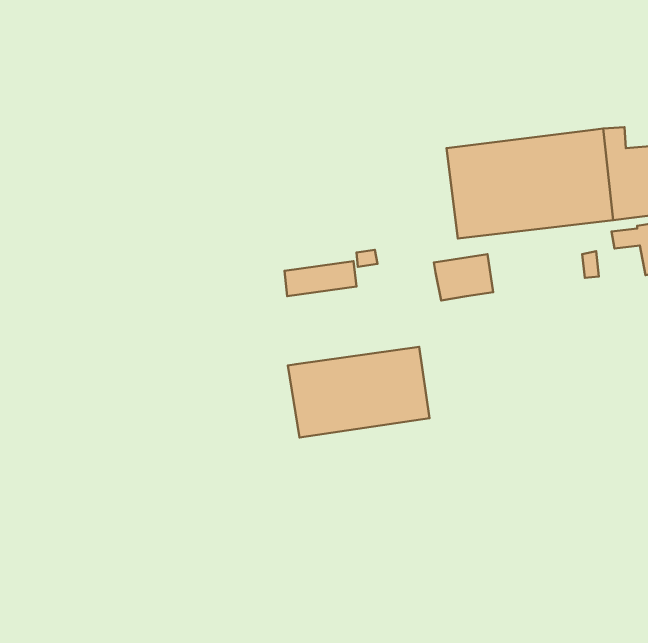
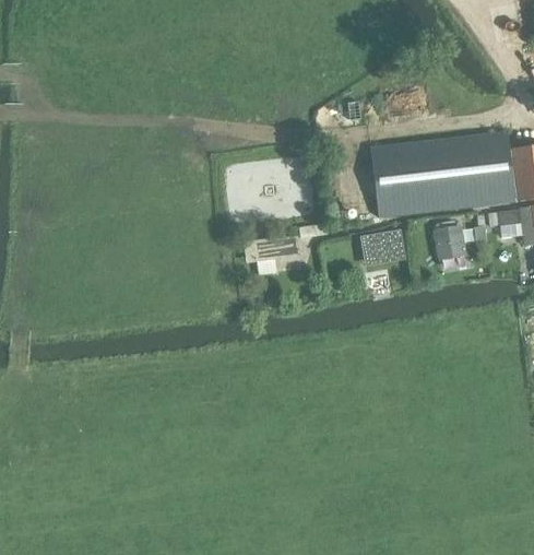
building: none -> [432,225,466,260]
building: [288,347,429,438] -> none

